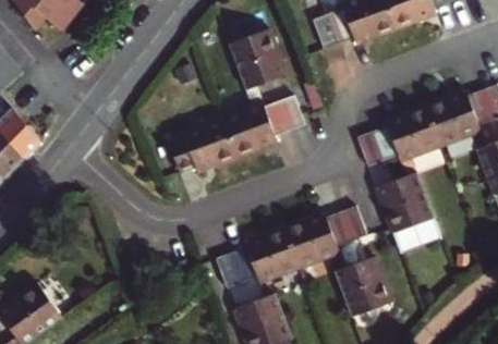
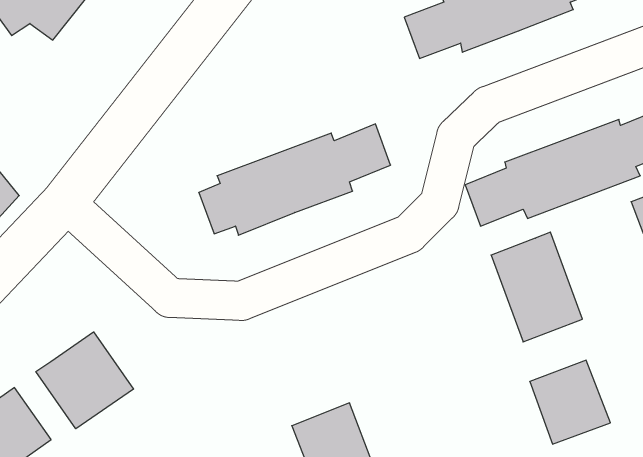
building: [229,28,287,90] -> none
building: [215,206,367,288] -> none
building: none -> [36,332,134,429]
building: [335,256,392,316] -> [530,360,610,444]

